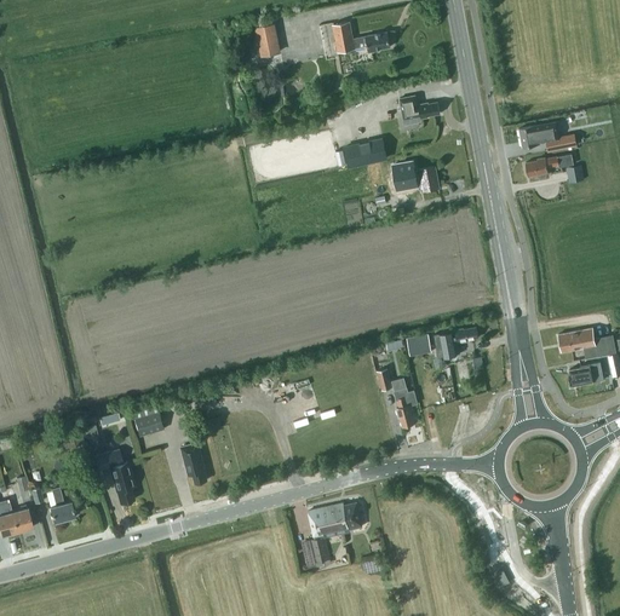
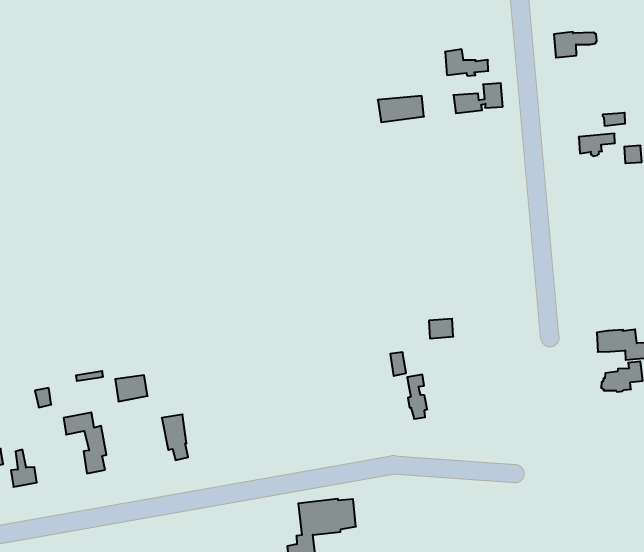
building: [518,125,557,150] -> [554,32,597,58]
building: [395,167,440,197] -> [453,83,503,113]
building: [434,328,477,358] -> none

